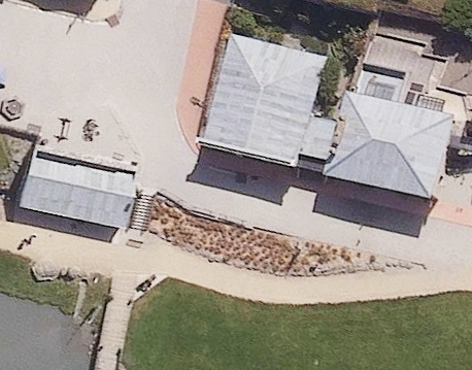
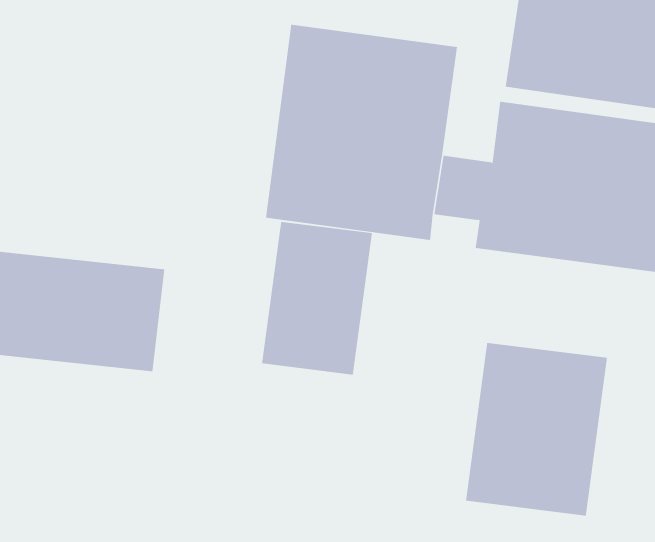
building: none -> [261,221,373,375]
building: none -> [465,342,608,517]

